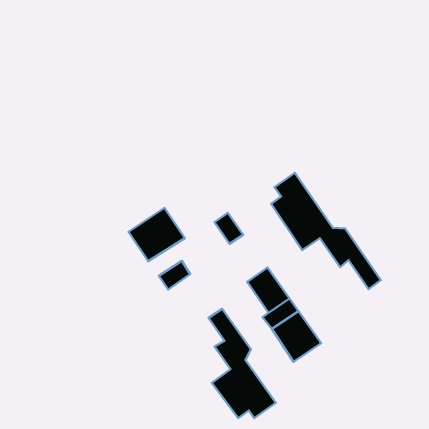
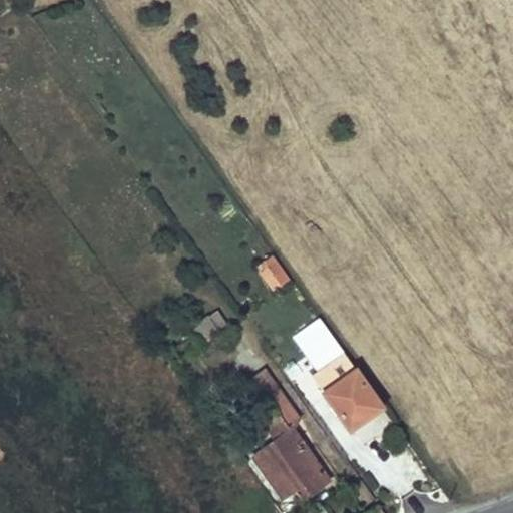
building: [271,173,381,289] -> none
building: [129,208,185,261] -> none

